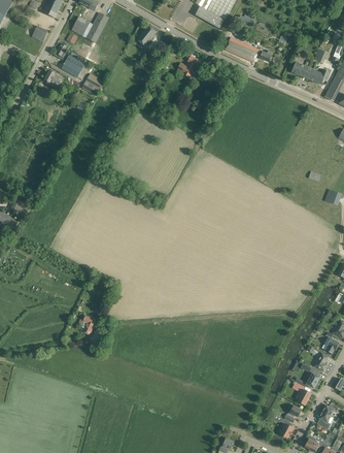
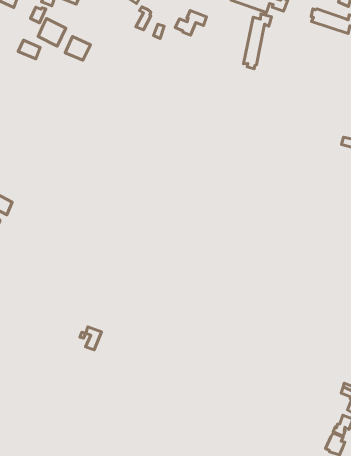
building: none -> [243,14,271,69]

